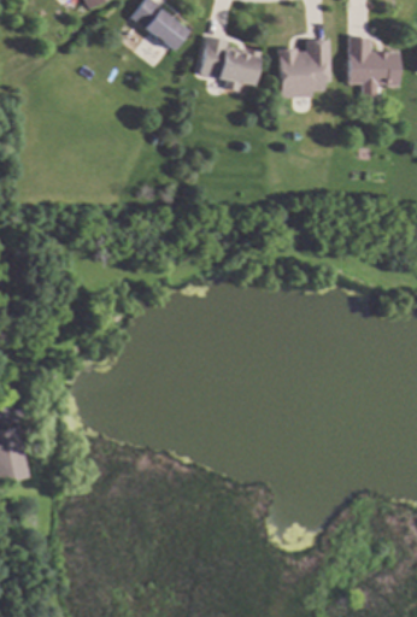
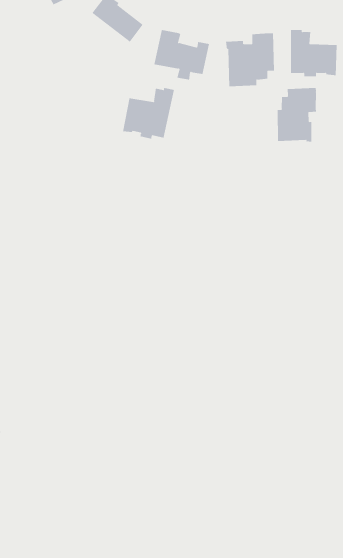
building: none -> [123,87,175,140]
building: none -> [277,87,316,142]

